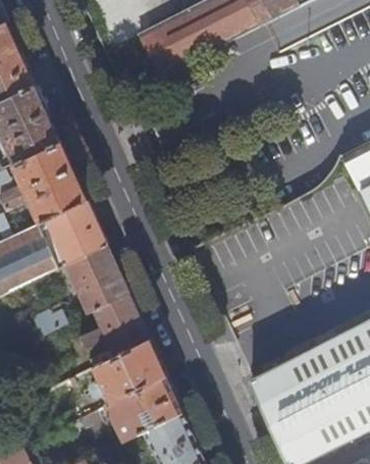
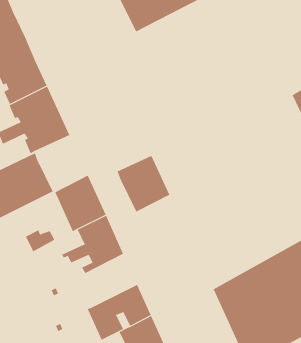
building: [42,198,105,265] -> [116,155,170,212]
building: [88,338,163,401] -> none

